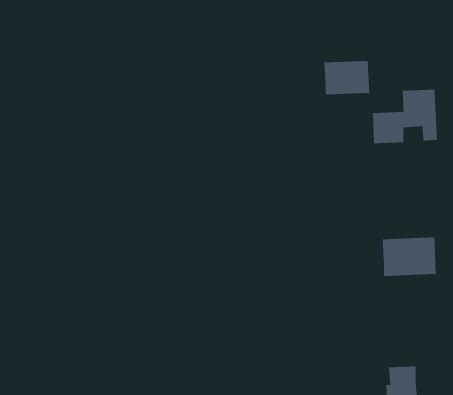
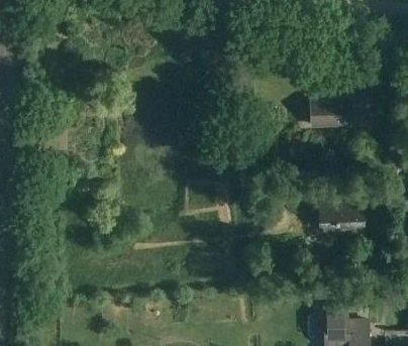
building: [324,60,370,95] -> none

